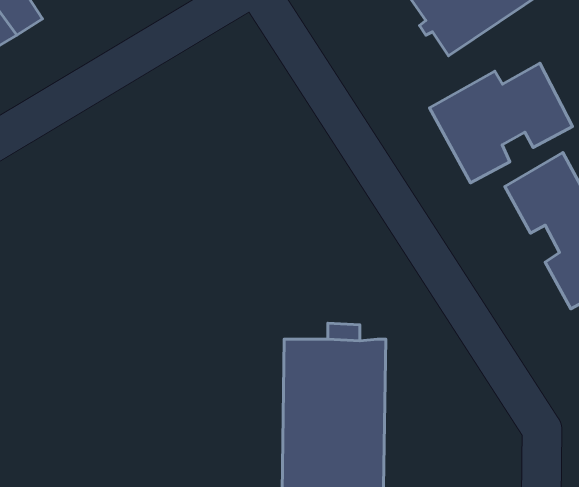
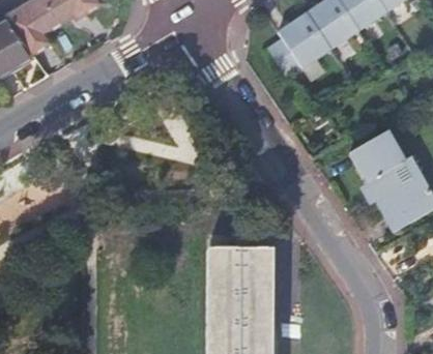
building: [430,63,573,183] -> none

